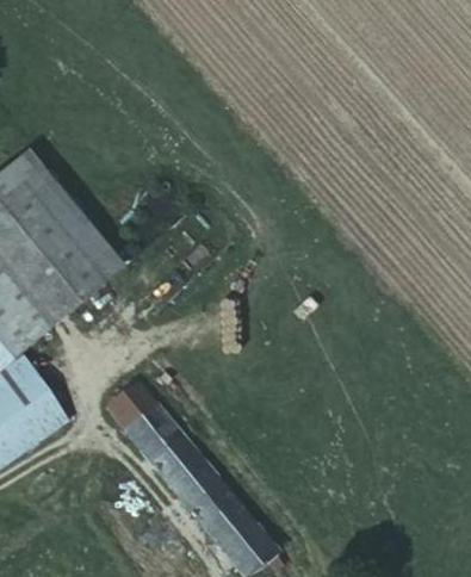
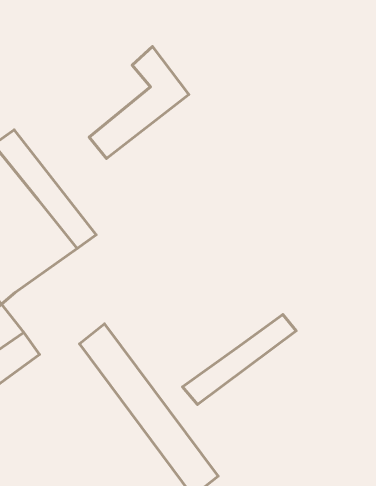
building: none -> [89,46,189,159]
building: none -> [183,315,296,404]

